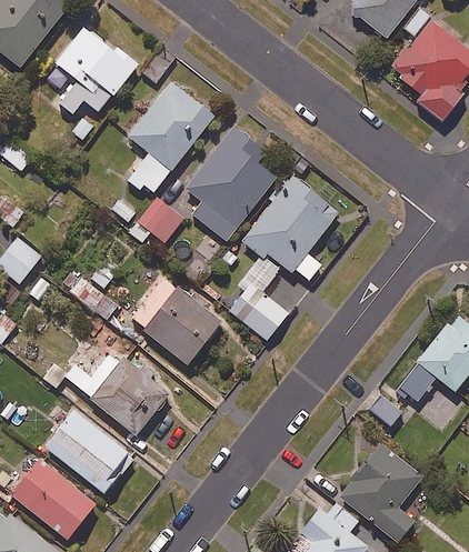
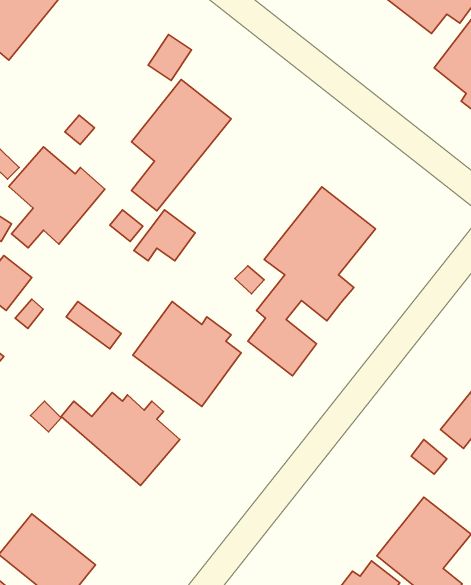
building: [53,28,137,116] -> [9,147,105,248]
building: [184,126,275,240] -> none
building: [43,410,132,493] -> none

